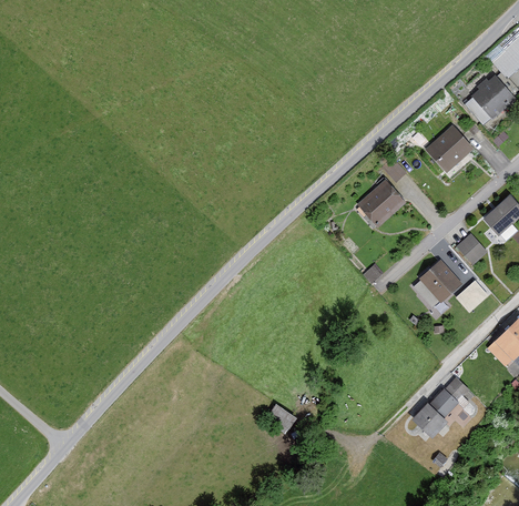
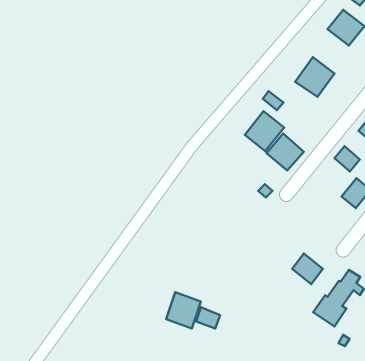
building: [417,260,460,303] -> [266,134,304,171]
building: none -> [292,253,323,284]
building: none -> [166,292,201,328]

